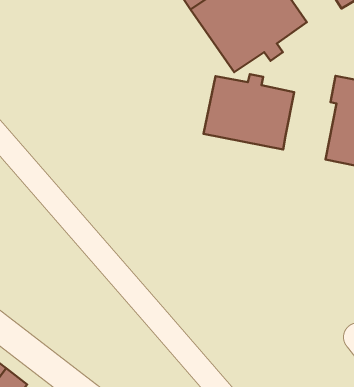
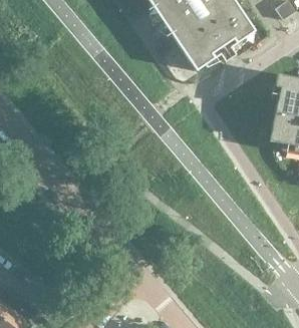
building: [203,74,294,149] -> none

